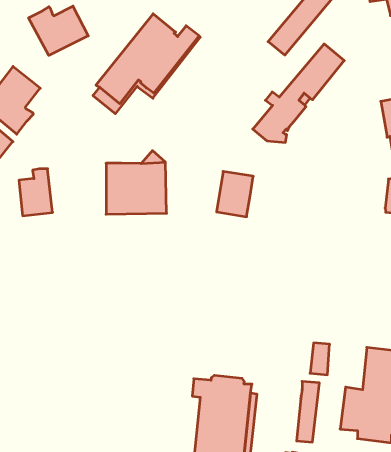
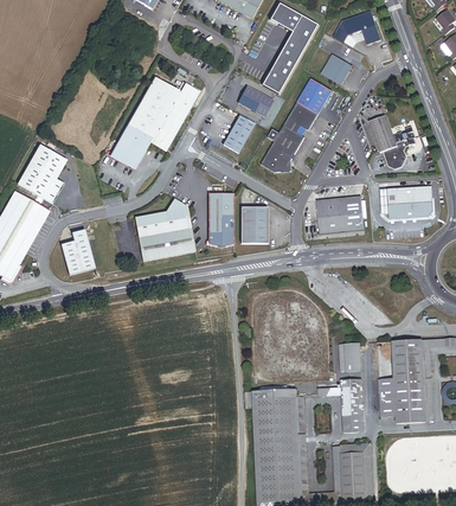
building: [29,6,88,55] -> none
building: none -> [320,53,352,85]
building: none -> [237,85,270,115]
building: none -> [220,114,252,152]
building: none -> [207,191,232,242]
building: none -> [315,196,364,233]

